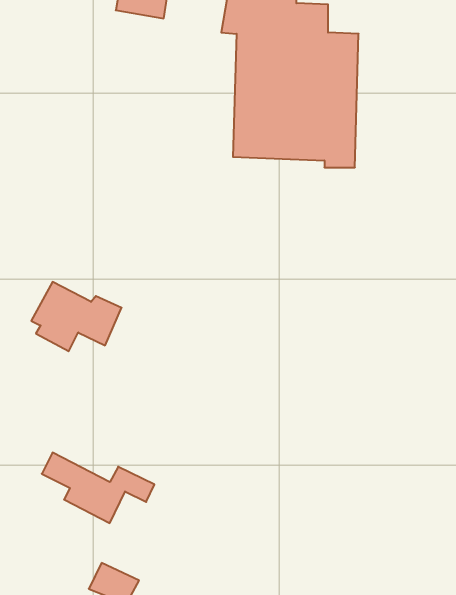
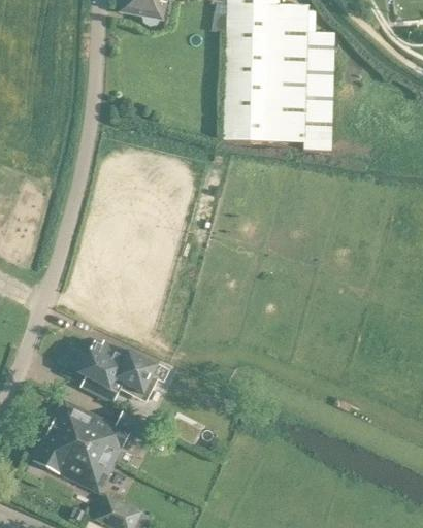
building: [31,282,122,351] -> [77,338,157,399]
building: none -> [33,419,115,493]

